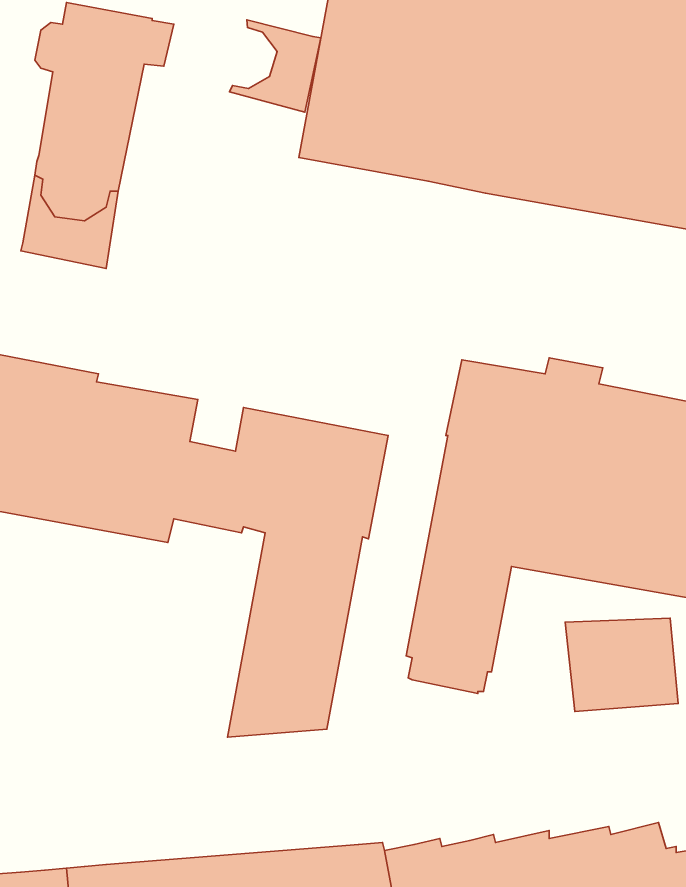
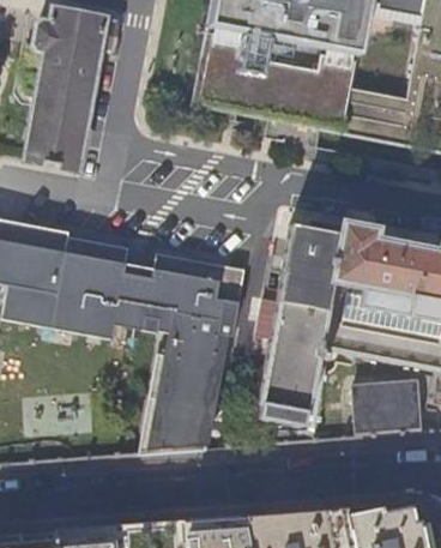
building: [230,20,321,112] -> none

